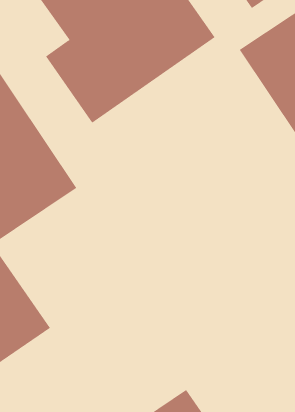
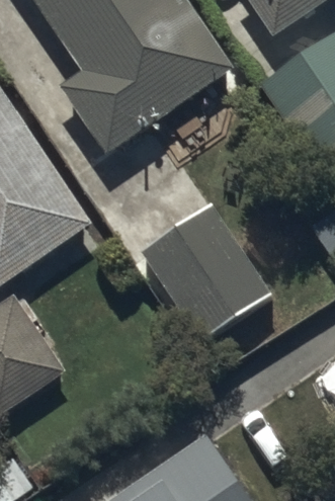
building: none -> [139,201,273,343]

